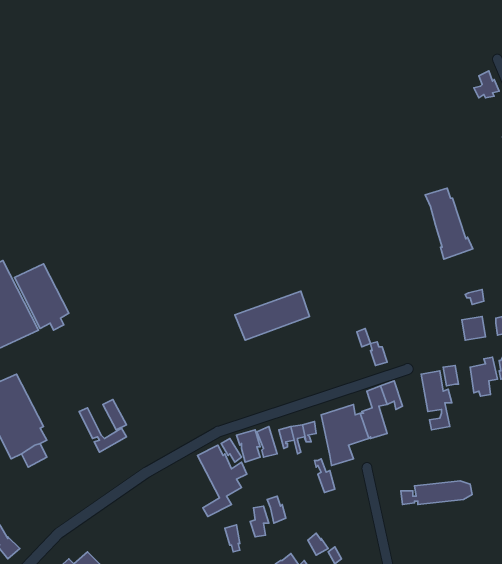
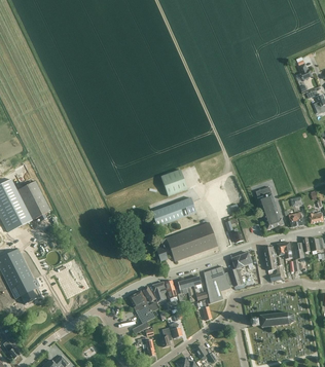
building: [425,188,473,259] -> [256,187,285,230]
building: none -> [160,169,188,196]
building: none -> [156,222,218,261]

